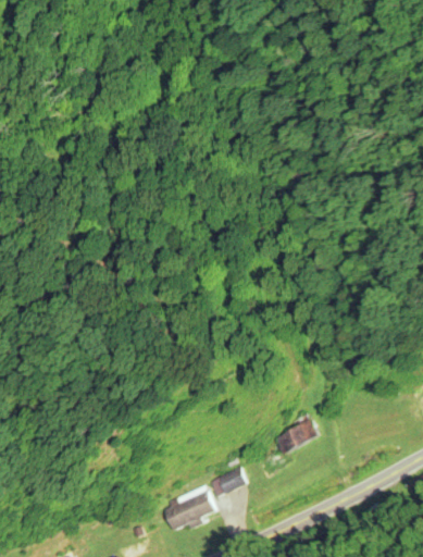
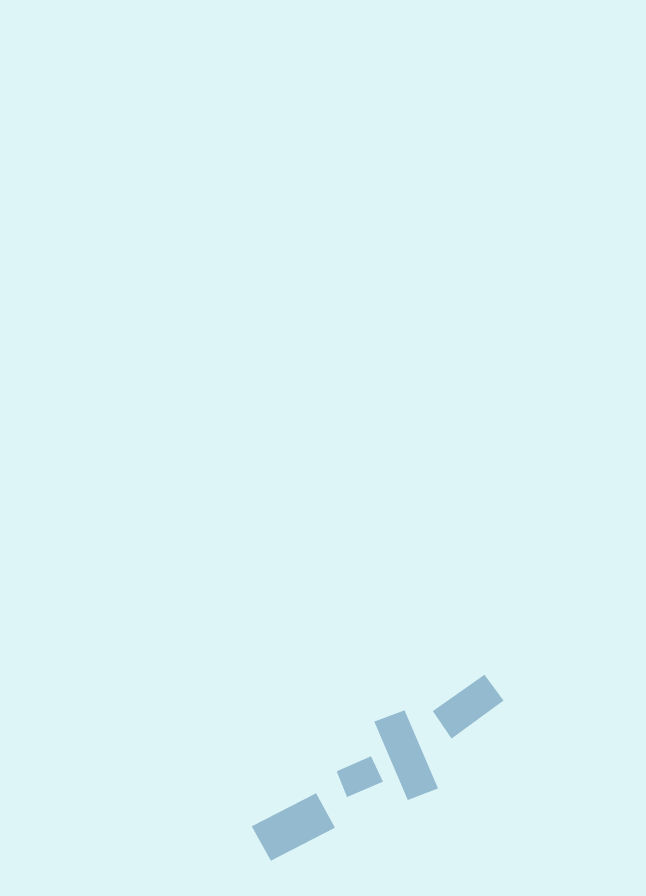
building: none -> [374,709,439,801]

